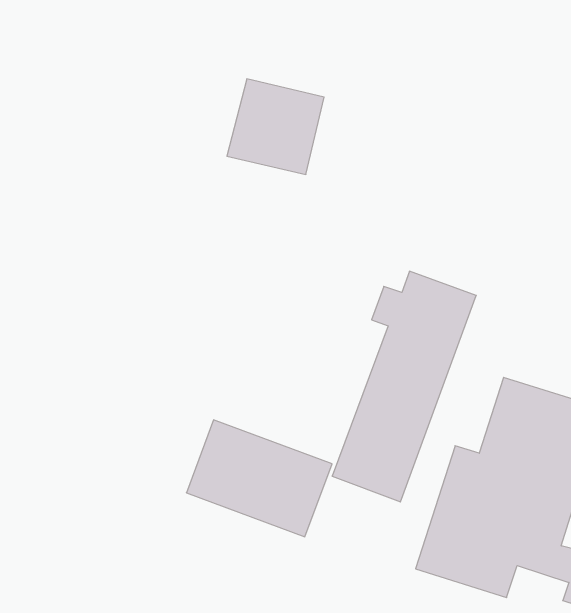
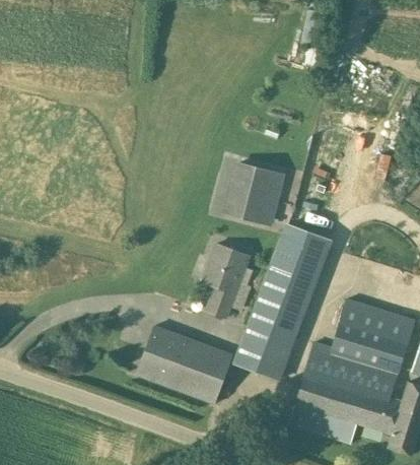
building: [227,79,324,174] -> [221,159,286,223]
building: none -> [202,243,254,318]

